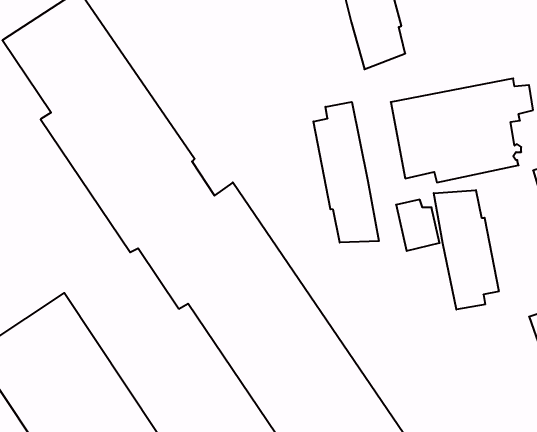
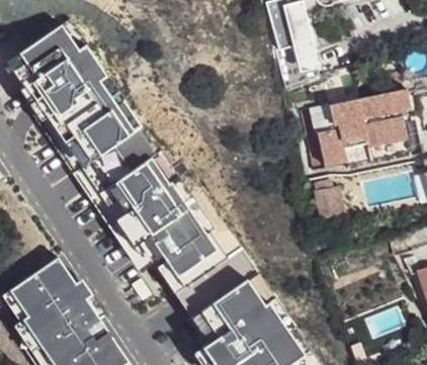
building: [313,102,379,243] -> none
building: [434,190,499,310] -> none

